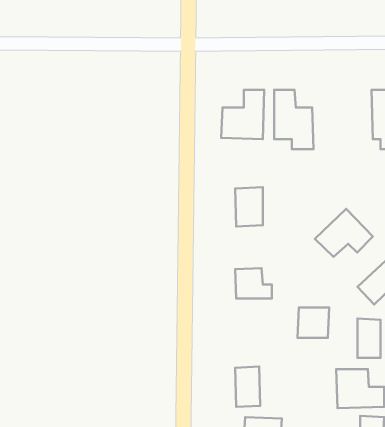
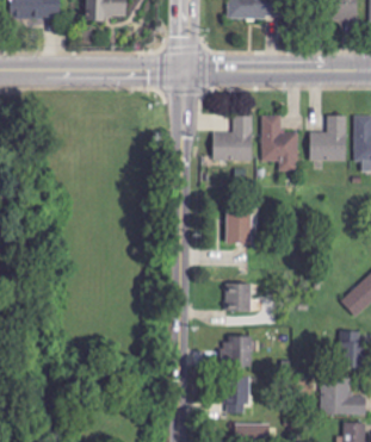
building: none -> [309,116,346,162]
building: [315,209,373,257] -> none
building: [298,308,329,338] -> [222,338,252,367]

